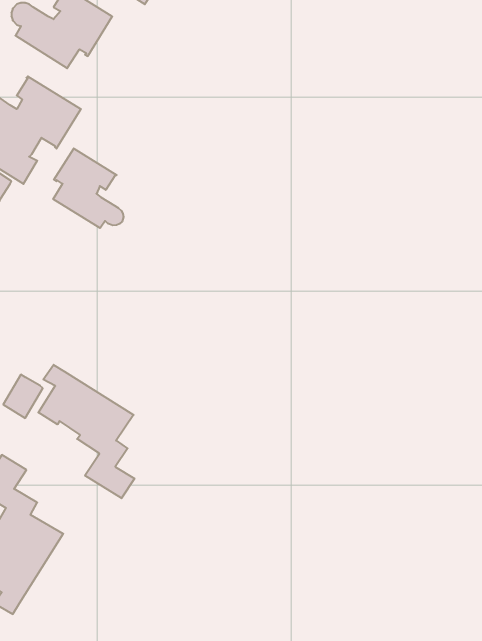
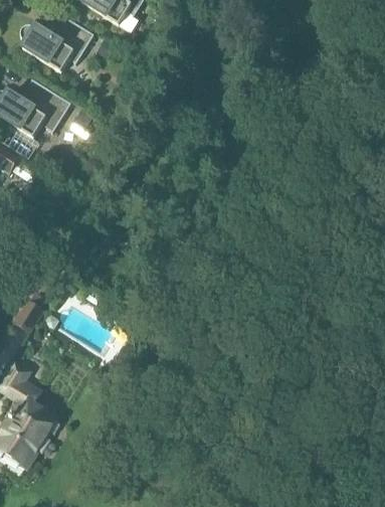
building: [53,148,123,228] -> none
building: [38,365,134,498] -> none

